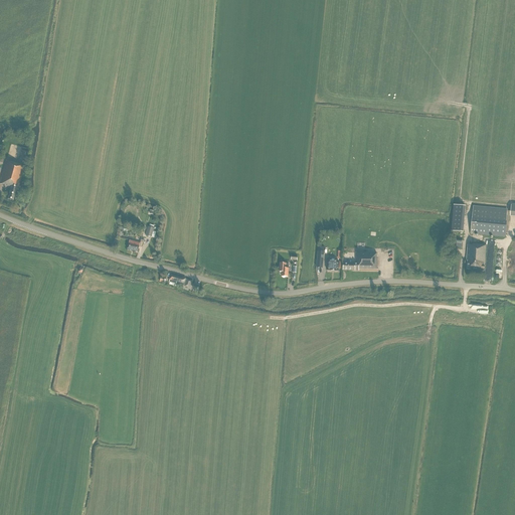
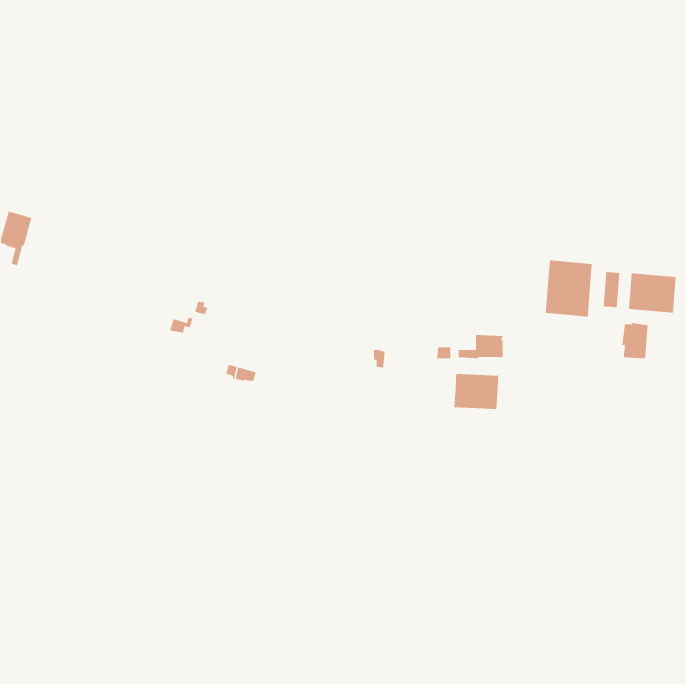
building: none -> [545,260,592,317]
building: none -> [454,373,499,410]

